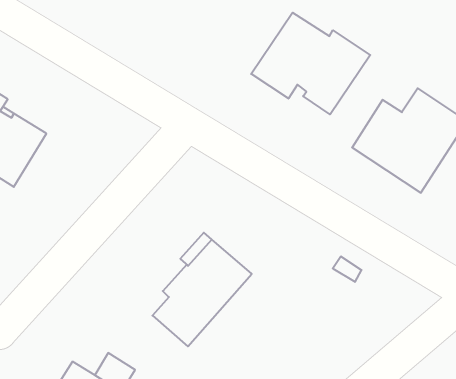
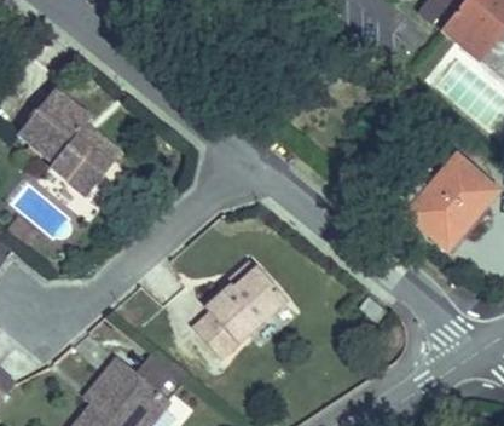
building: [251,13,370,114] -> none

